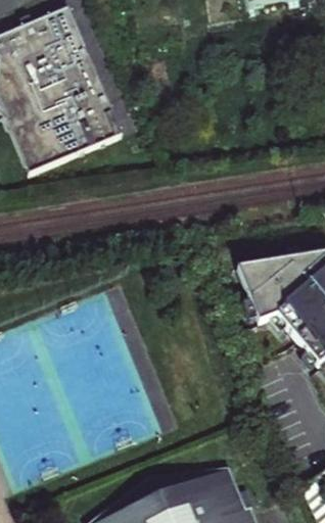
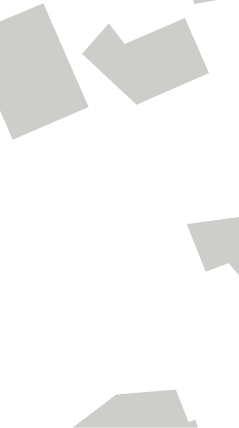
building: none -> [81,17,210,106]

